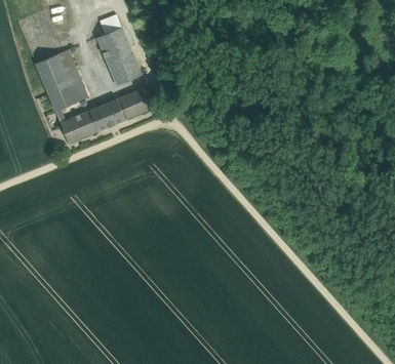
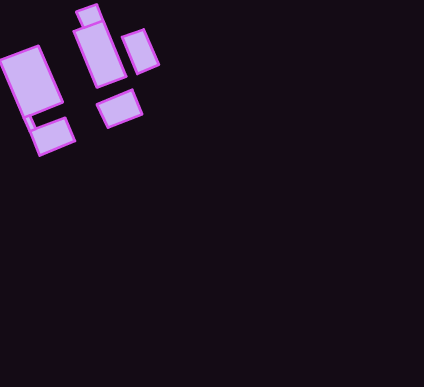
building: none -> [122,29,159,74]
building: [89,99,125,130] -> none

